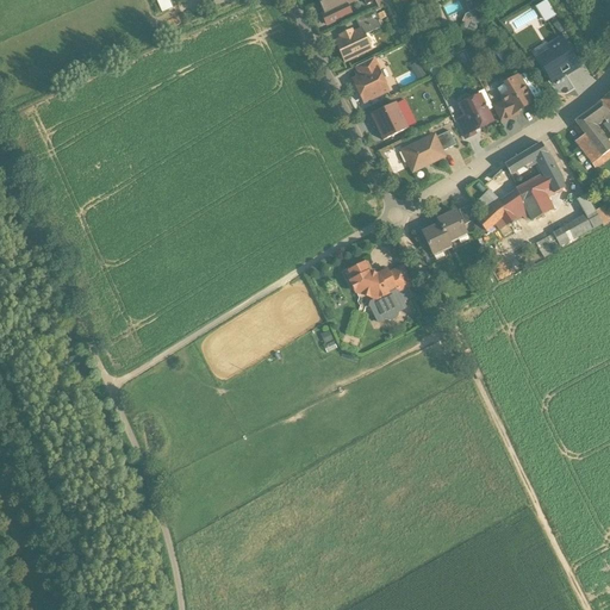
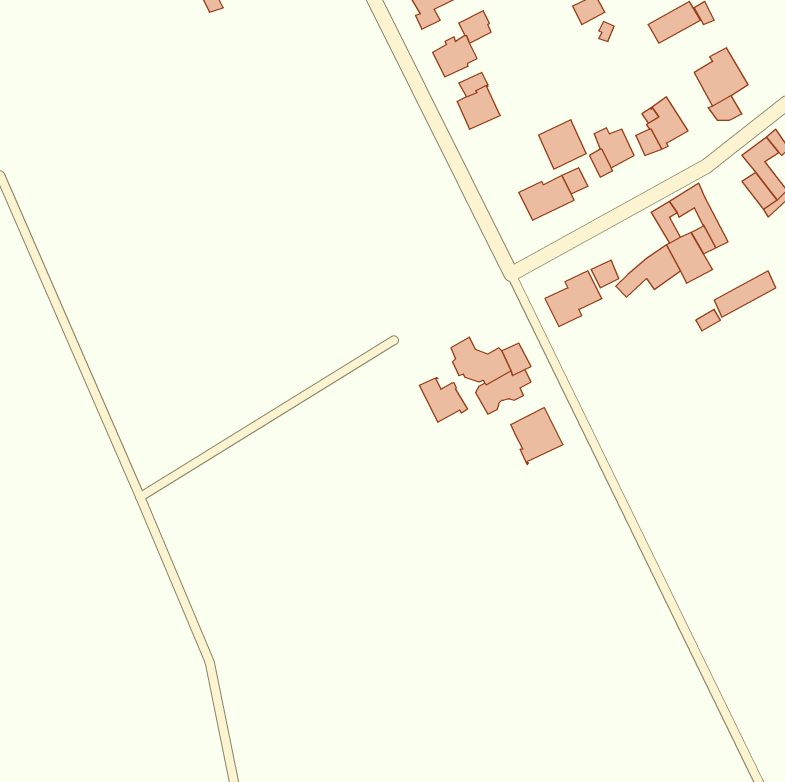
building: [372,101,409,139] -> [539,120,586,169]
building: none -> [419,378,467,422]
building: none -> [511,408,563,465]

